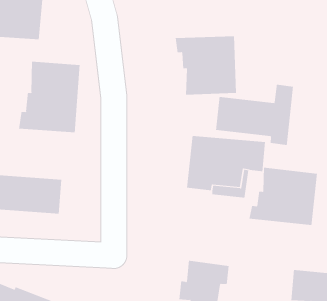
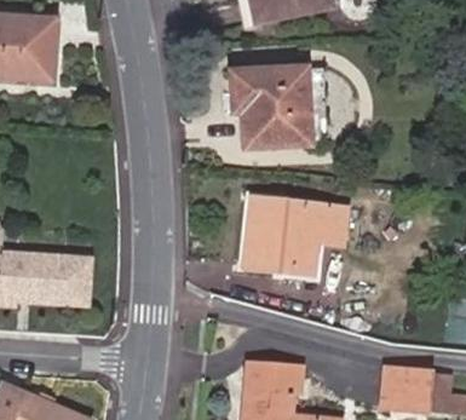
building: [18,61,80,133] -> none
building: [215,84,294,146] -> none
building: [249,167,318,226] -> none

